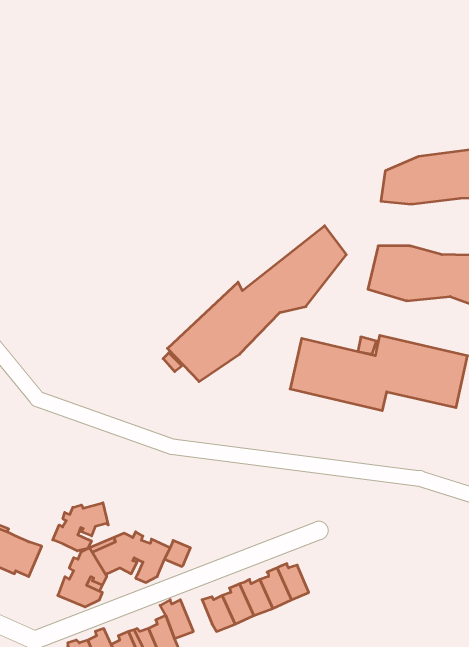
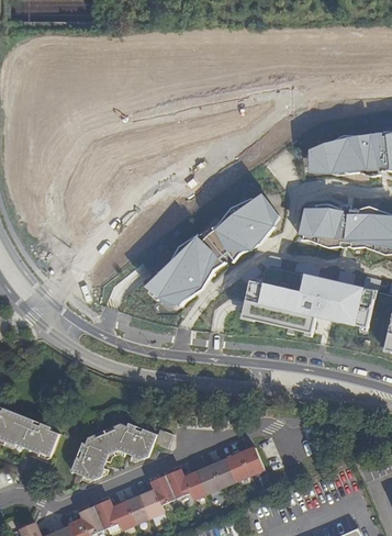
building: [53,503,108,551] -> none
building: none -> [157,466,181,499]

